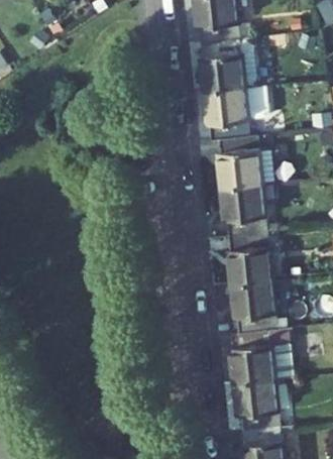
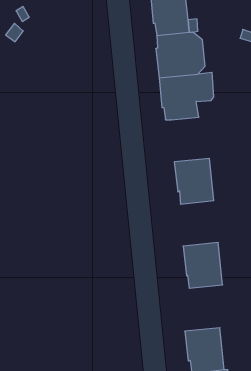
building: [218,135,273,188] -> none
building: [227,232,271,284] -> none
building: [230,328,293,382] -> none

